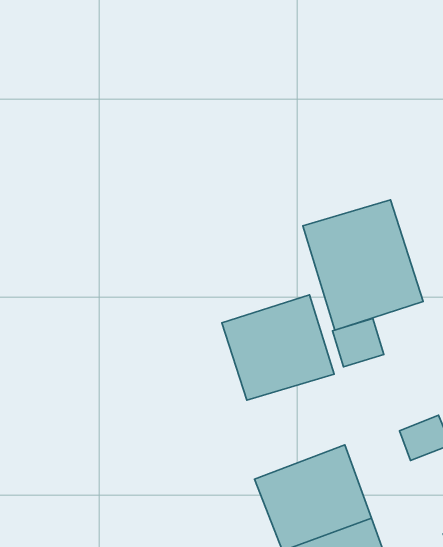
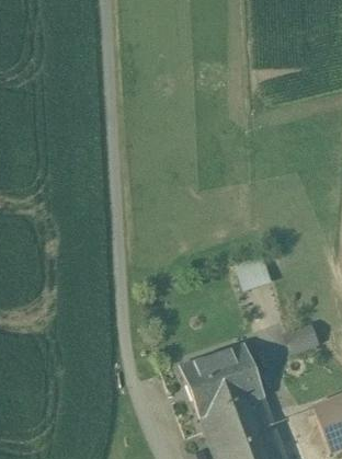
building: [303,200,423,330] -> none
building: [222,295,334,400] -> none

